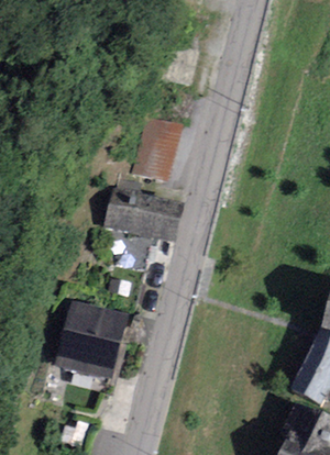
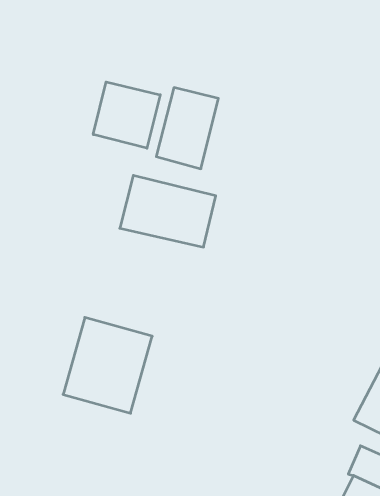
building: none -> [93,82,160,148]

